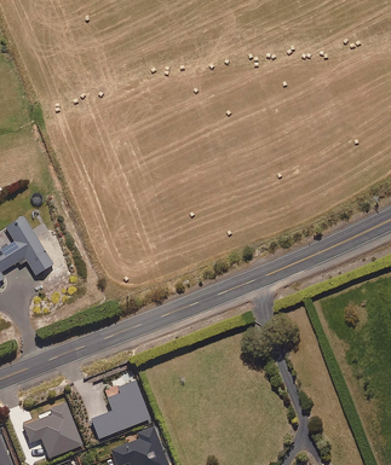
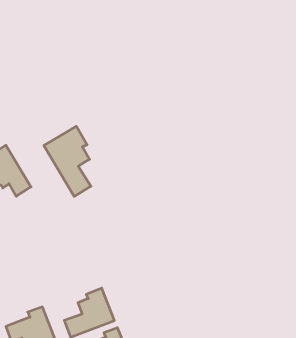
building: none -> [44,126,91,196]

